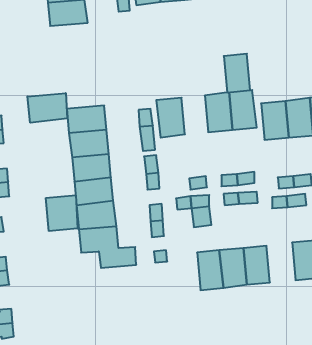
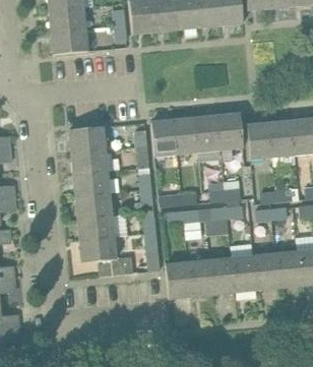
building: [224,54,250,92] -> [174,117,198,152]
building: [27,93,67,123] -> none
building: [46,195,77,231] -> none
building: none -> [252,252,278,289]
building: none -> [165,261,191,298]

